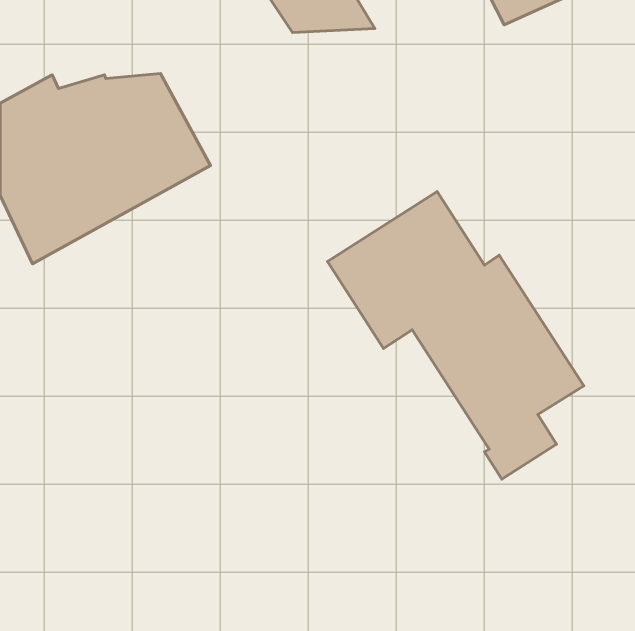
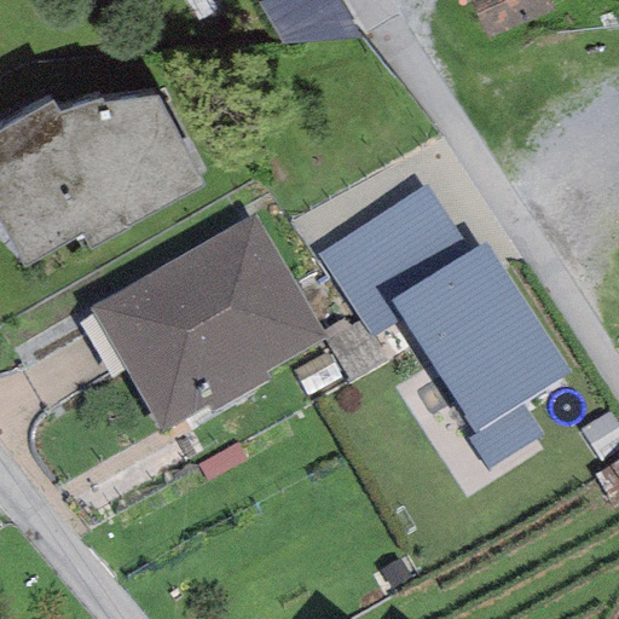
building: none -> [91,213,326,432]

